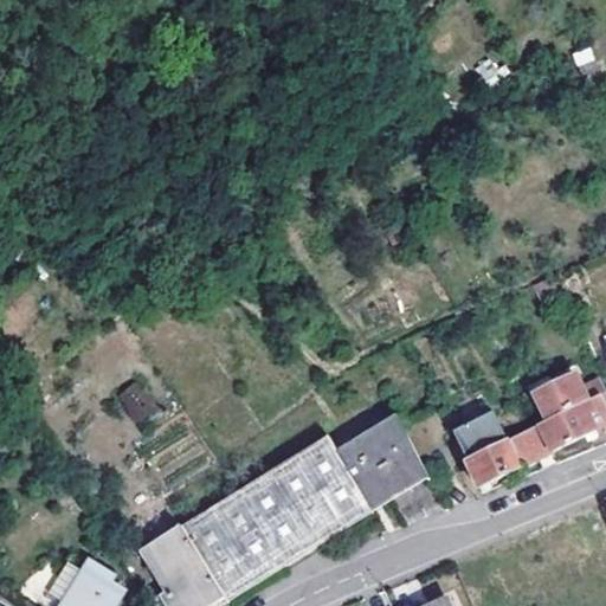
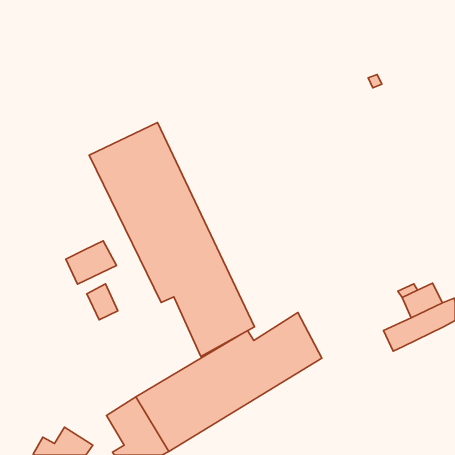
building: none -> [89,123,254,356]
building: none -> [66,241,116,284]
building: [451,410,522,485] -> none

